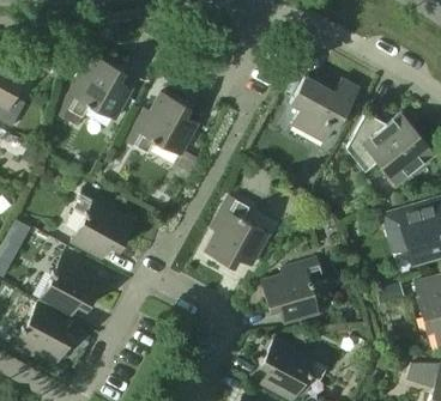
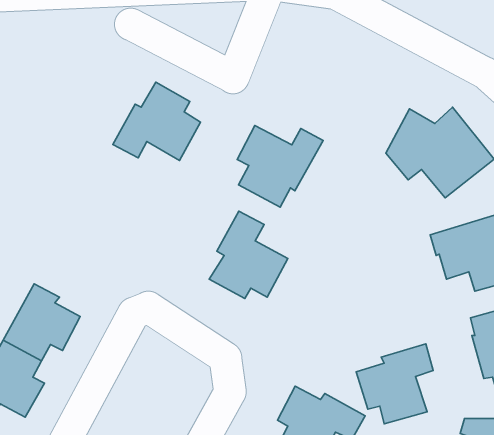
building: [58,57,133,126] -> none
building: [290,77,360,142] -> [237,126,323,207]
building: [71,188,133,259] -> none
building: [261,259,324,323] -> [356,344,433,424]

